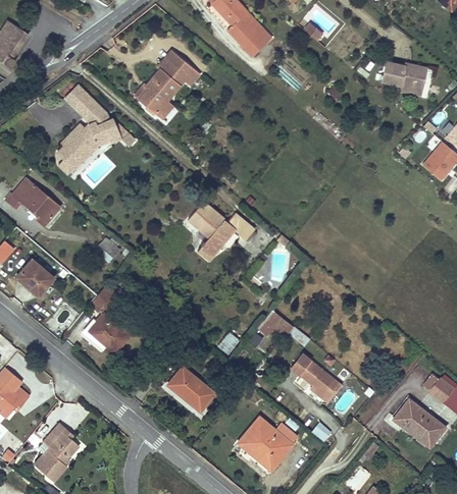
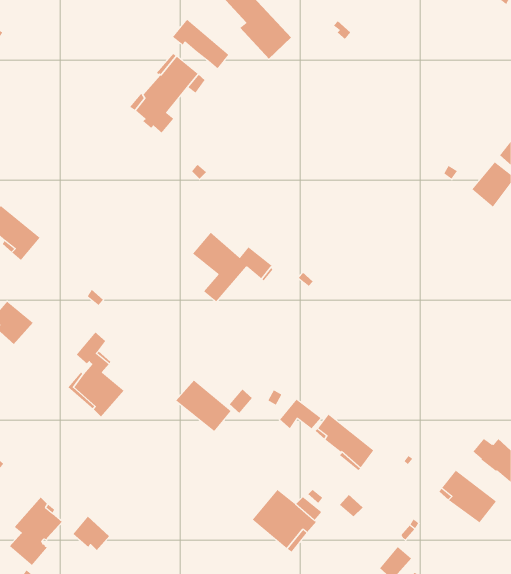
building: none -> [172,19,229,69]
building: [382,62,426,96] -> none
building: [51,83,137,178] -> none
building: [258,311,294,336] -> [279,399,322,429]
building: [167,368,214,411] -> [176,380,231,432]
building: none -> [72,516,110,551]

